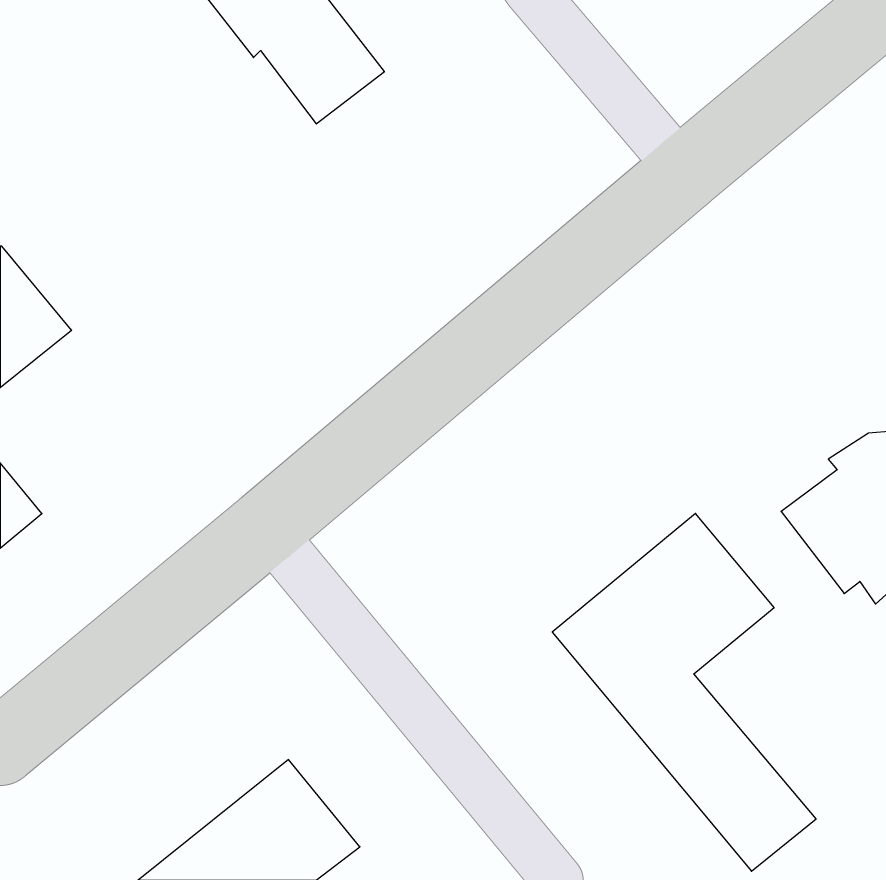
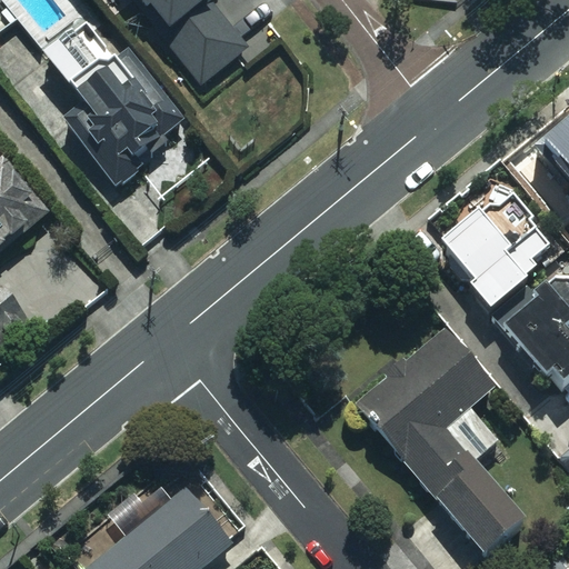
building: none -> [46,21,190,184]
building: none -> [442,188,549,312]

